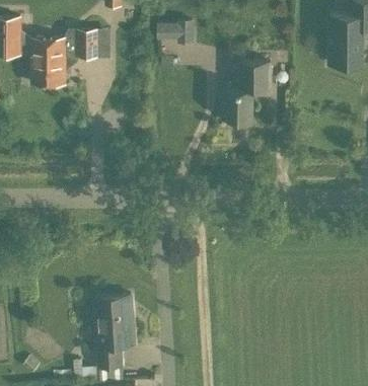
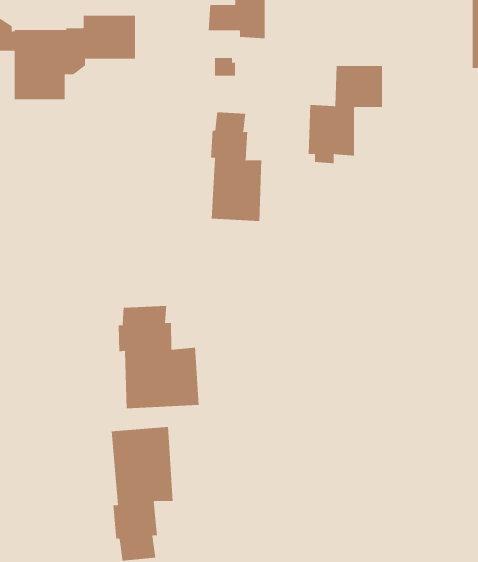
building: none -> [211,111,262,222]
building: none -> [118,305,199,409]

